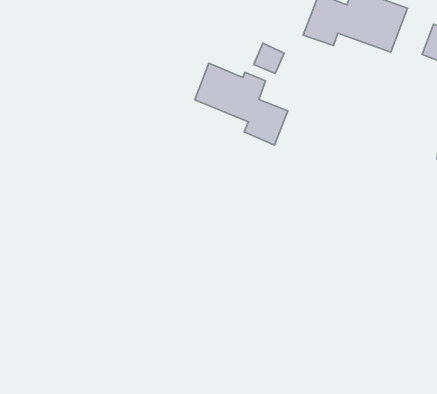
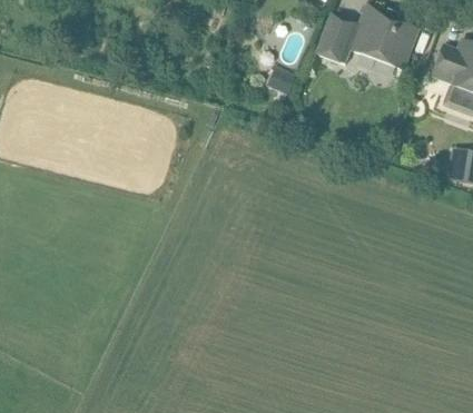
building: [195,63,288,145] -> none

